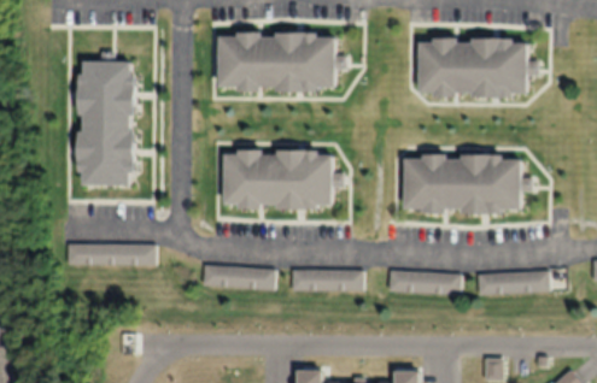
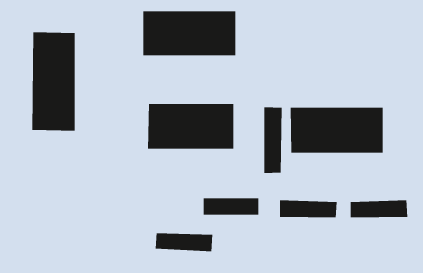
building: [417,40,526,96] -> none
building: none -> [264,106,282,174]
building: [68,244,154,265] -> none
building: [201,266,275,290] -> [155,233,213,252]

